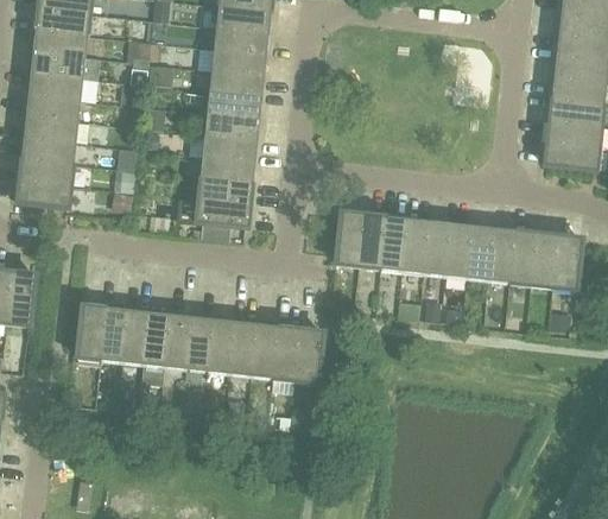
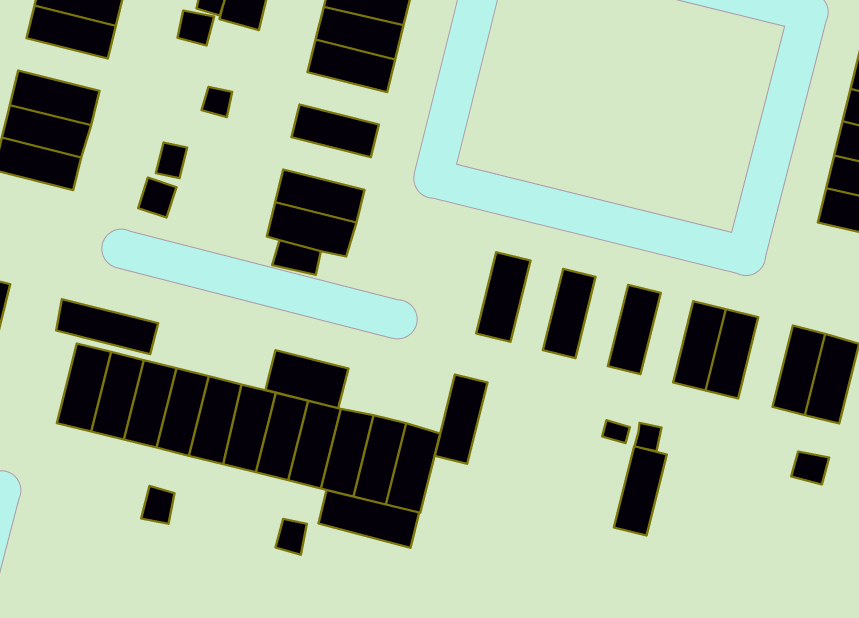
building: [204,112,259,139] -> none
building: [23,114,78,141] -> none
building: [200,154,254,182] -> none
building: [359,213,386,268] -> [435,374,487,464]
building: [401,217,429,273] -> none
building: [444,222,471,278] -> [614,446,667,536]
building: [508,229,537,285] -> none
building: none -> [56,299,158,354]
building: none -> [265,350,348,408]
building: none -> [318,490,419,548]

